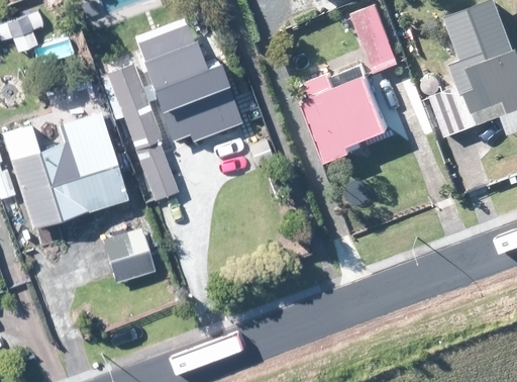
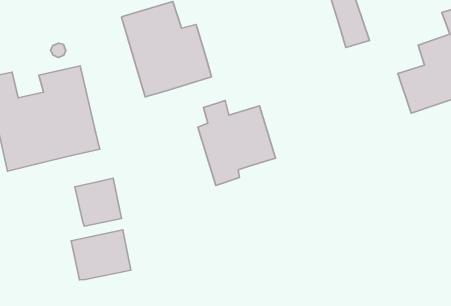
building: [107,63,176,198] -> none
building: [302,73,386,163] -> [198,100,276,185]
building: none -> [71,230,131,280]

